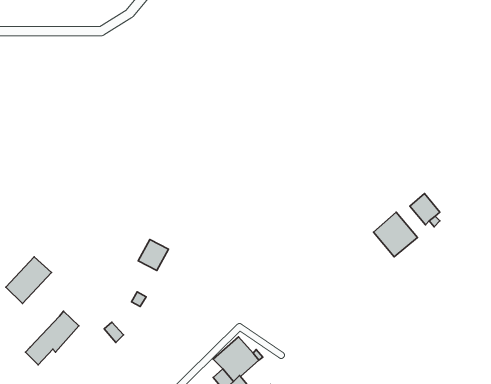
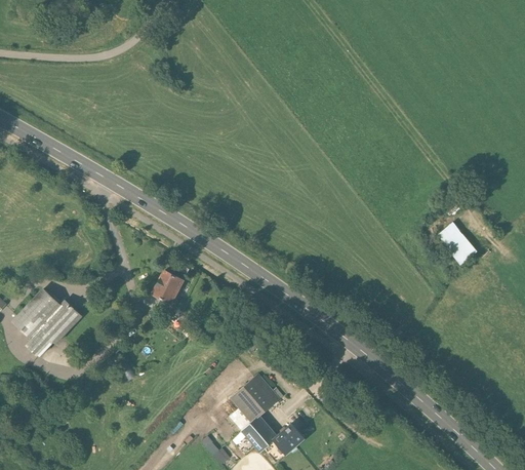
building: [373,212,417,257] -> none
building: [25,311,79,365] -> [25,301,81,357]

